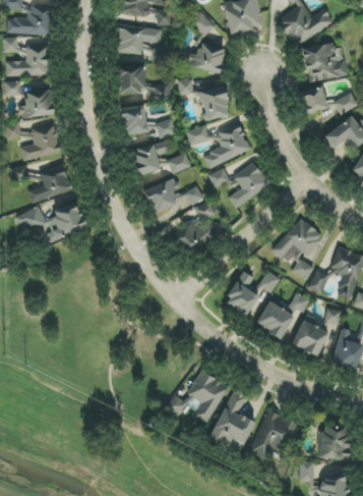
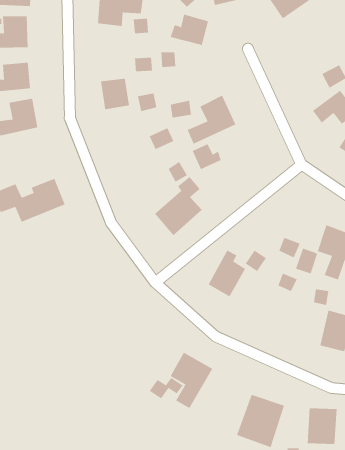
building: [303,43,348,82] -> none
building: [119,66,145,93] -> none
building: [299,85,328,114] -> none
building: [200,86,230,120] -> none
building: [130,141,168,176] -> none
building: [228,161,270,209] -> none
building: [27,164,71,204] -> none
building: [144,177,179,213] -> none
building: [271,218,322,263] -> none
building: [256,301,294,339] -> none
building: [291,321,329,357] -> none
building: [209,390,256,450] -> none

